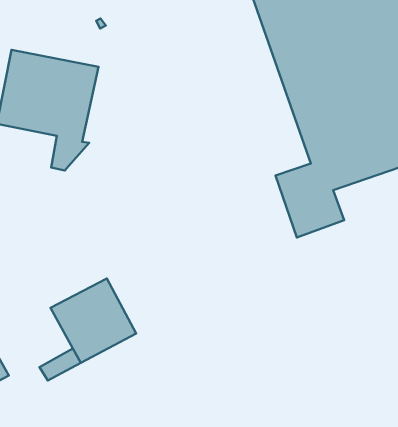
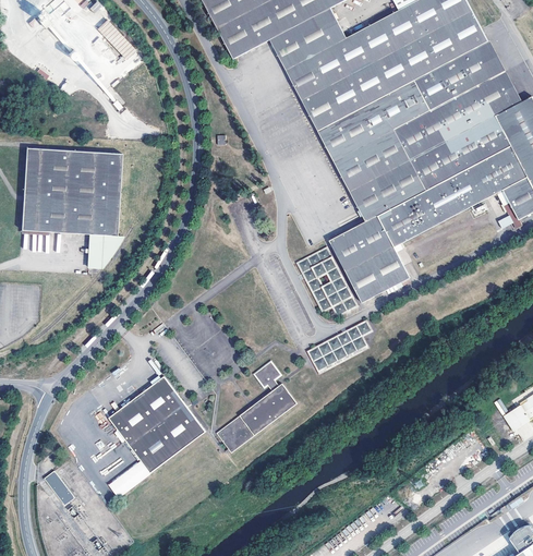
building: none -> [295,246,359,318]
building: none -> [306,319,373,374]
building: none -> [215,361,296,454]

